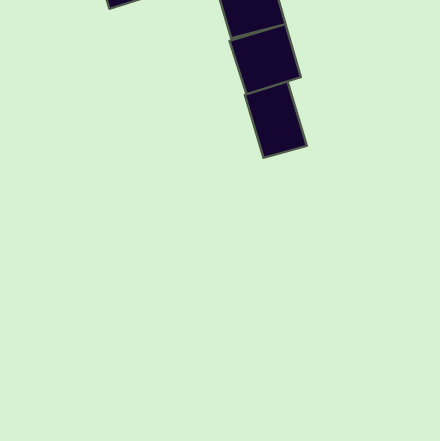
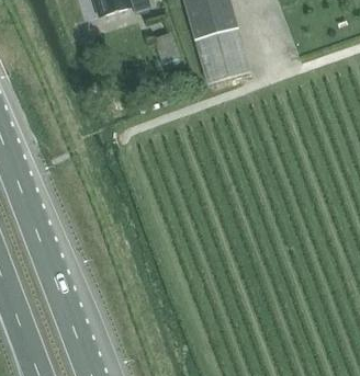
building: [245,81,307,158] -> none

